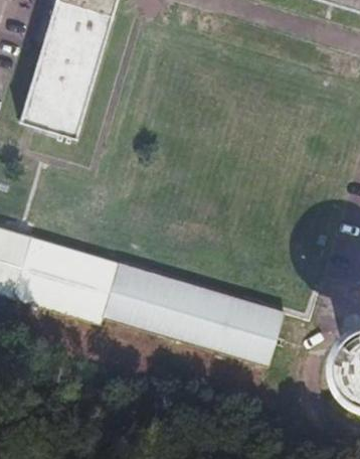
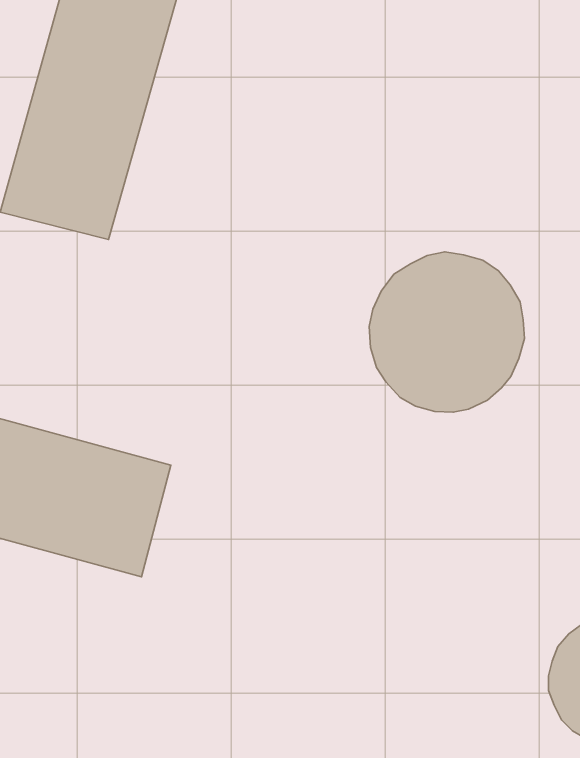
building: none -> [369,252,524,412]
building: [104,262,284,357] -> none

